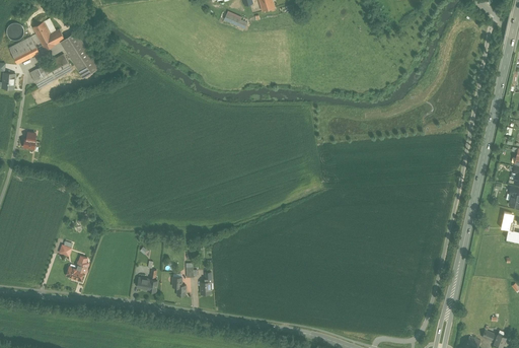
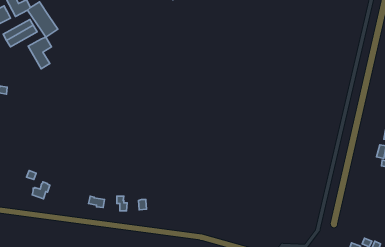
building: none -> [28,37,52,69]

